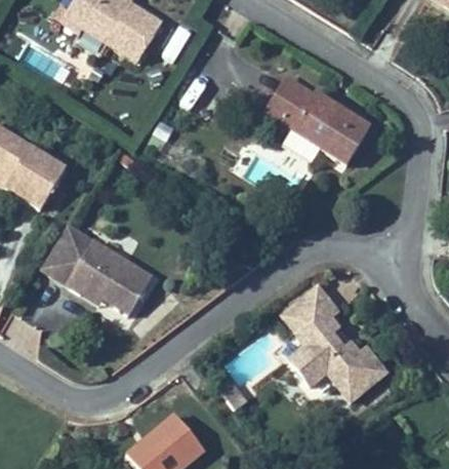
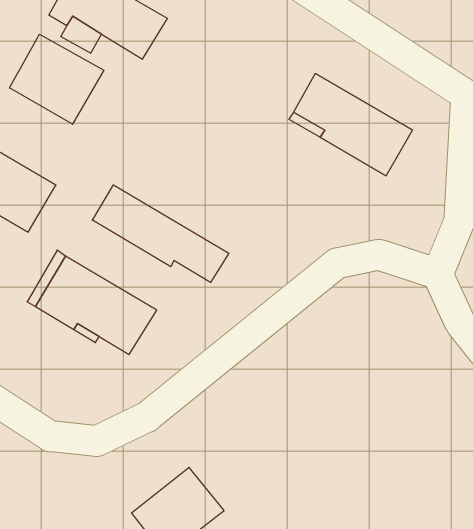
building: none -> [9,34,104,124]
building: none -> [92,185,229,282]
building: [281,287,384,398] -> none

